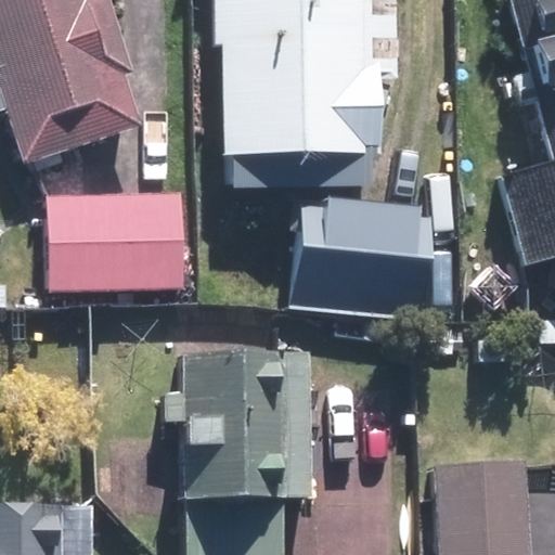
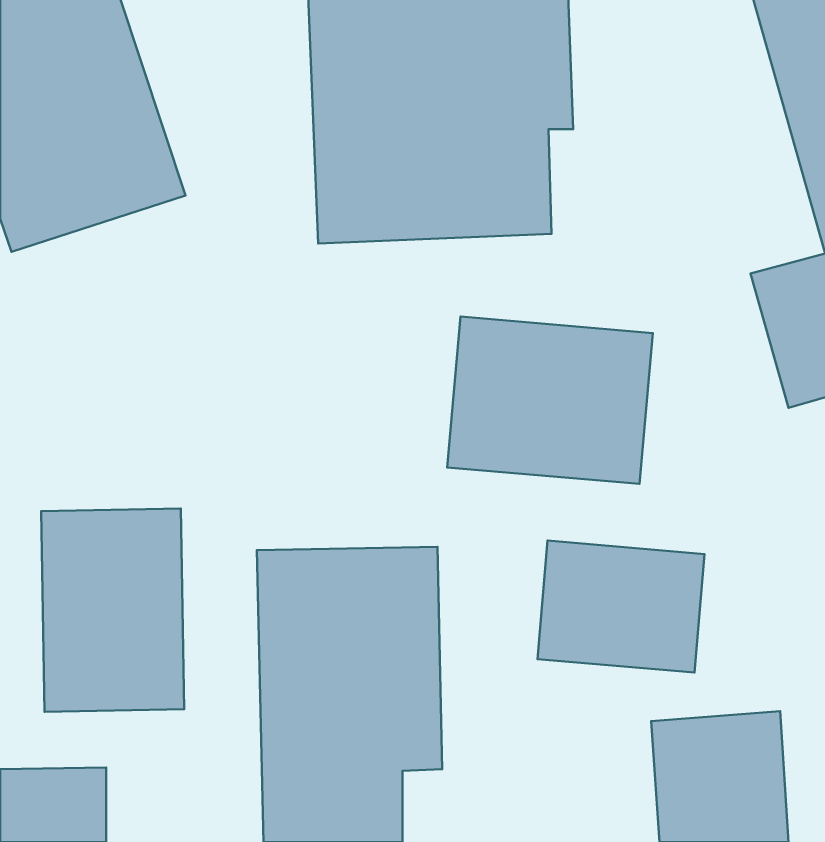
building: [52,197,178,292] -> none
building: none -> [41,509,184,712]
building: none -> [538,541,704,673]

